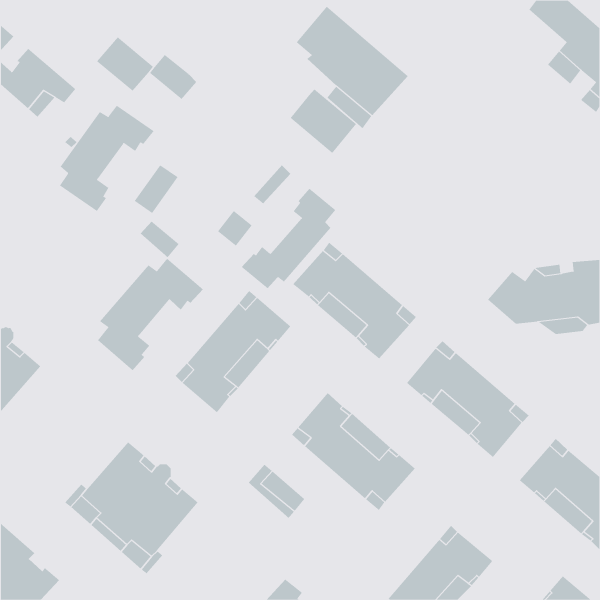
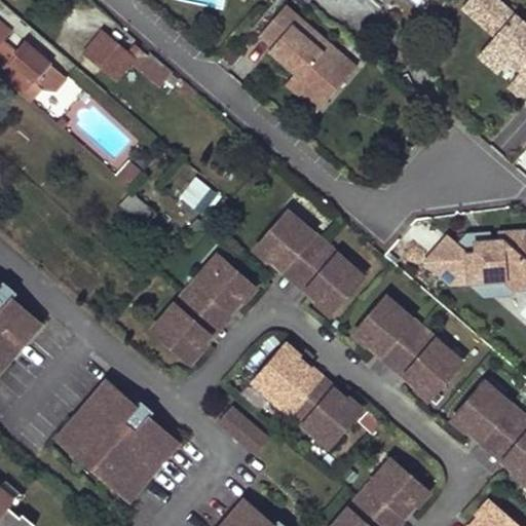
building: [290,88,357,154] -> none
building: [59,105,155,212] -> none
building: [241,188,336,289] -> none
building: [97,258,204,371] -> none

